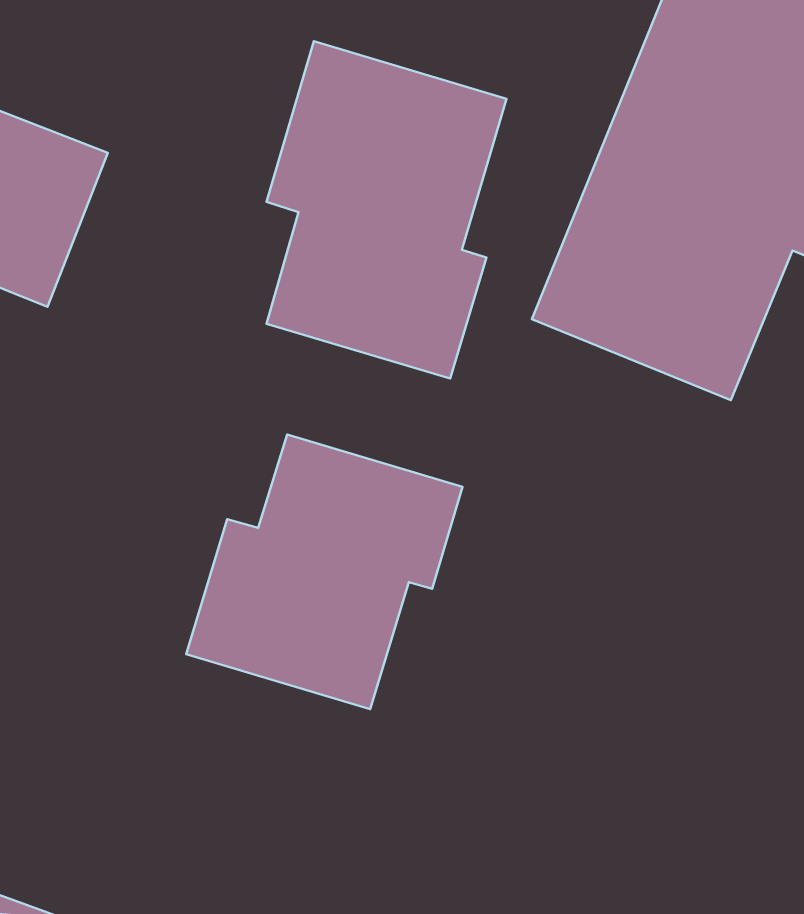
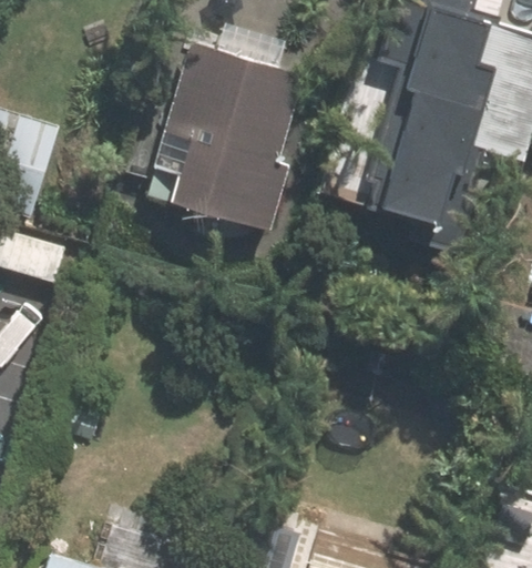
building: [186,435,462,709] -> none

